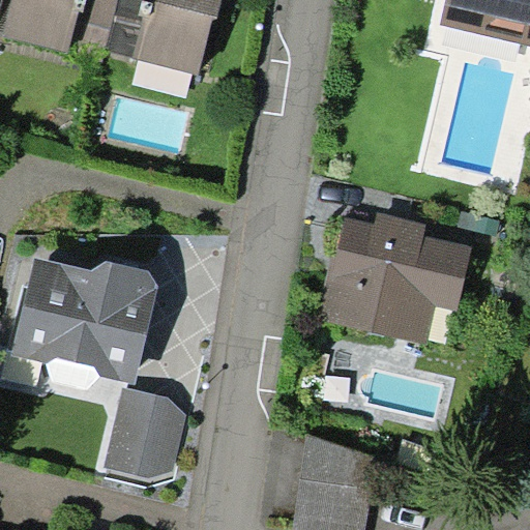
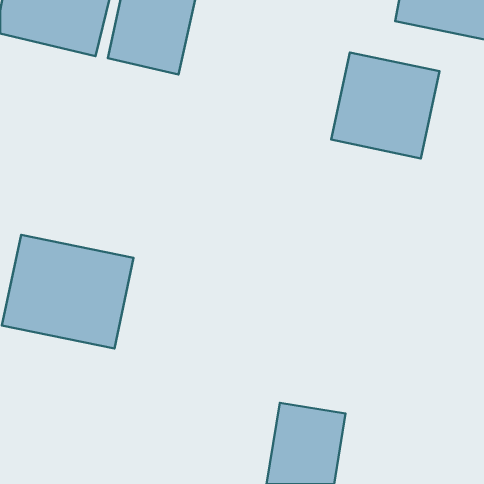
building: none -> [331,52,440,158]
building: [322,210,471,350] -> none
building: [110,390,195,477] -> none

